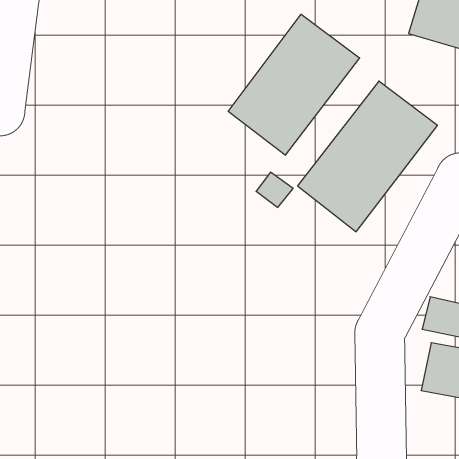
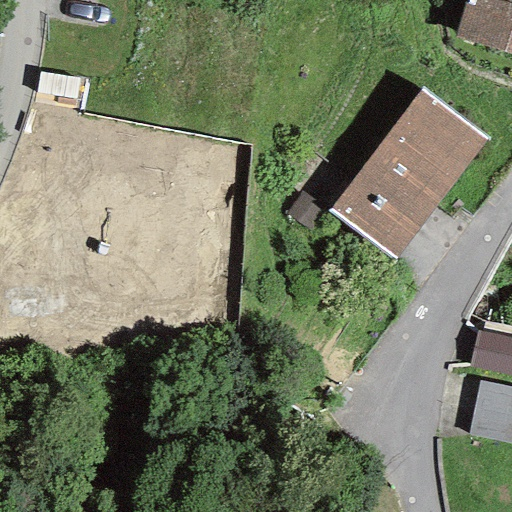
building: [228,14,360,155] -> none

